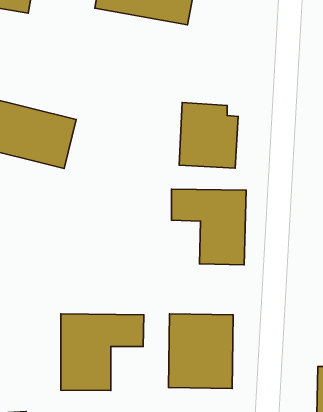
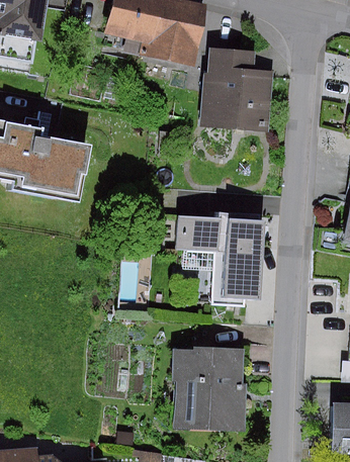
building: [179,103,238,168] -> [201,60,261,126]
building: [61,314,144,391] -> none

